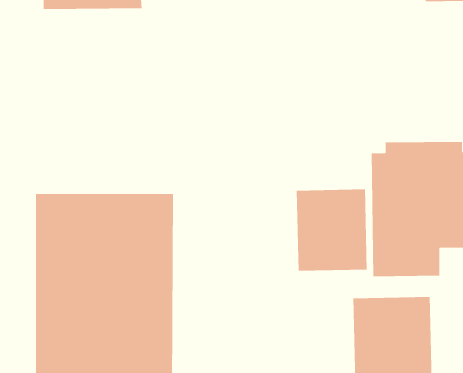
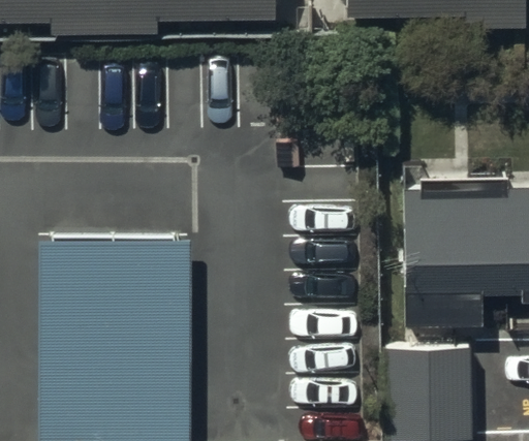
building: [296,189,368,271] -> none

